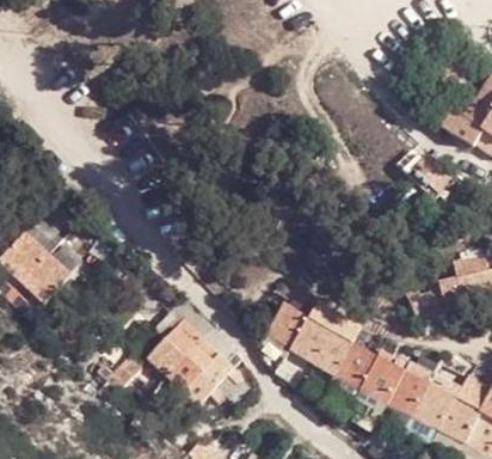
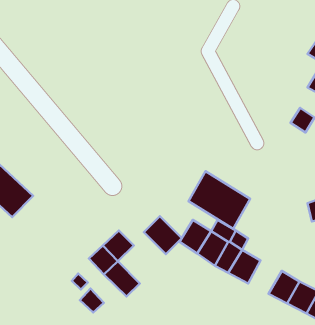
building: none -> [189,171,250,229]
building: [185,338,236,390] -> [144,216,182,254]
building: [362,359,407,404] -> none

